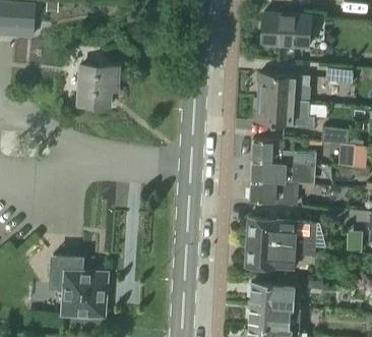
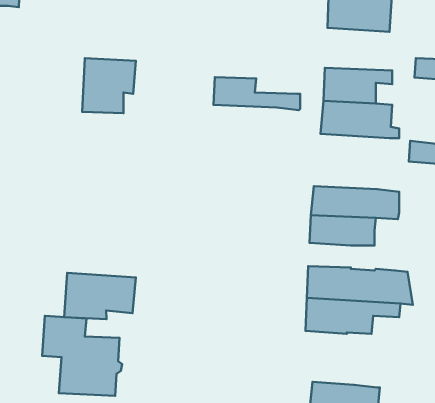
building: [251,141,315,165] -> [213,77,300,110]
building: none -> [64,273,136,319]
building: [250,284,300,310] -> none

